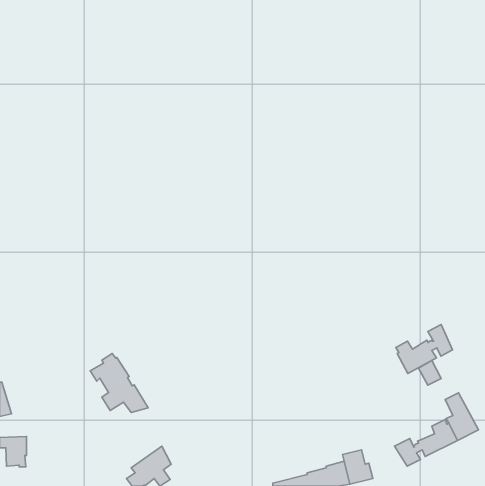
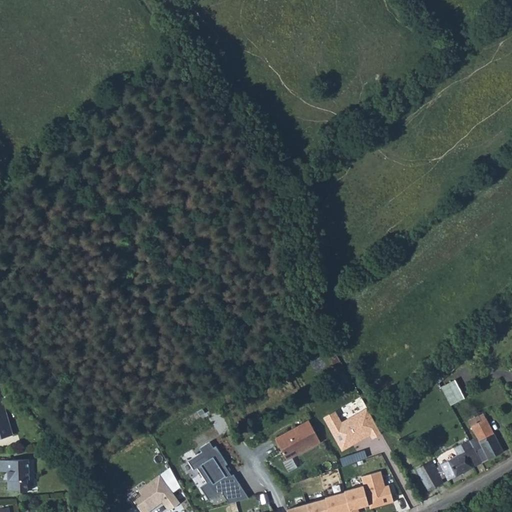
building: [396,324,453,373] -> none
building: [90,354,148,413] -> [187,442,248,504]
building: none -> [324,408,381,451]
building: none -> [275,421,319,459]

